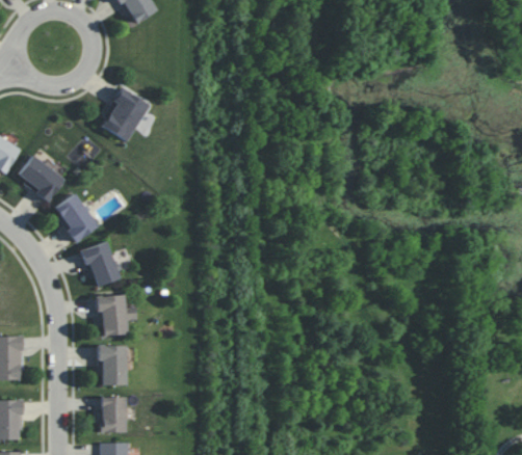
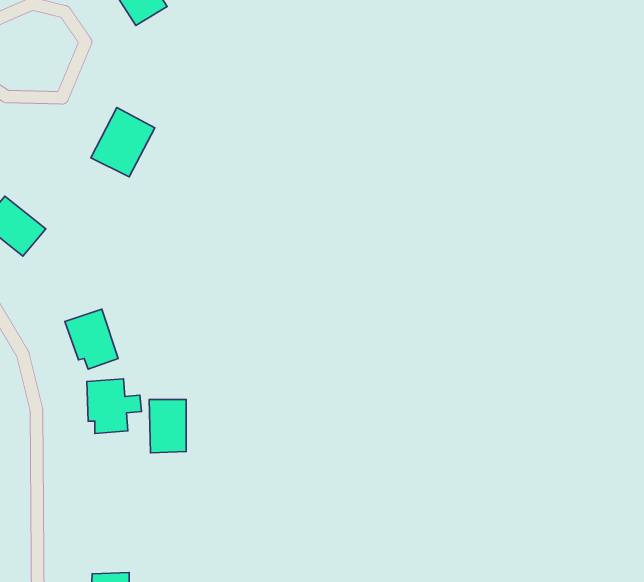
building: [53,193,97,241] -> none
building: [98,345,126,385] -> [149,400,186,453]
building: [100,396,126,432] -> none

